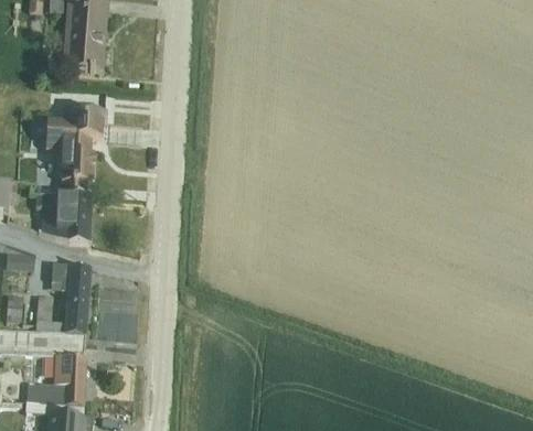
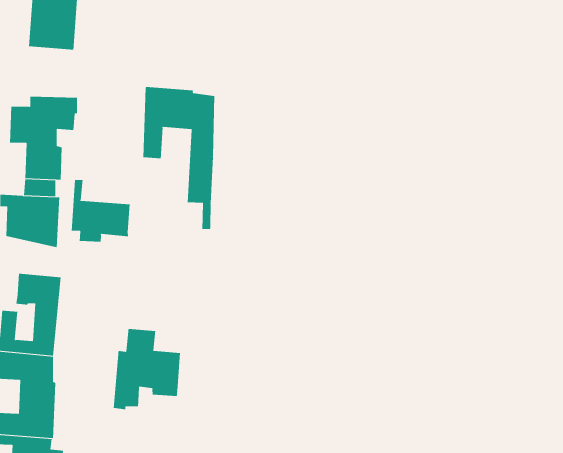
building: none -> [143,86,215,230]
building: none -> [71,179,130,242]
building: none -> [113,328,181,410]

